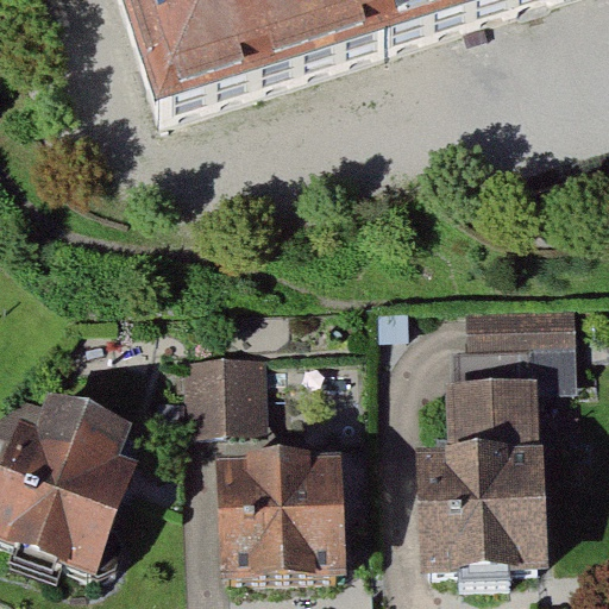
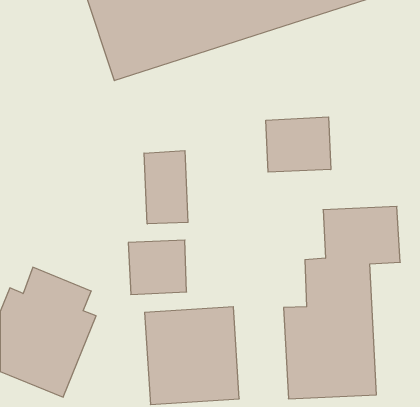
building: none -> [266,117,331,172]
building: none -> [144,151,188,224]

